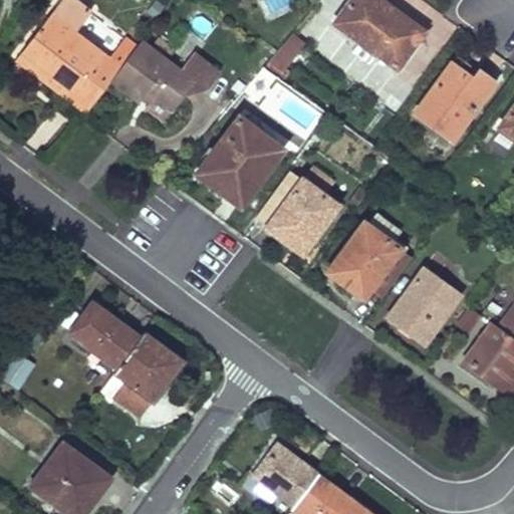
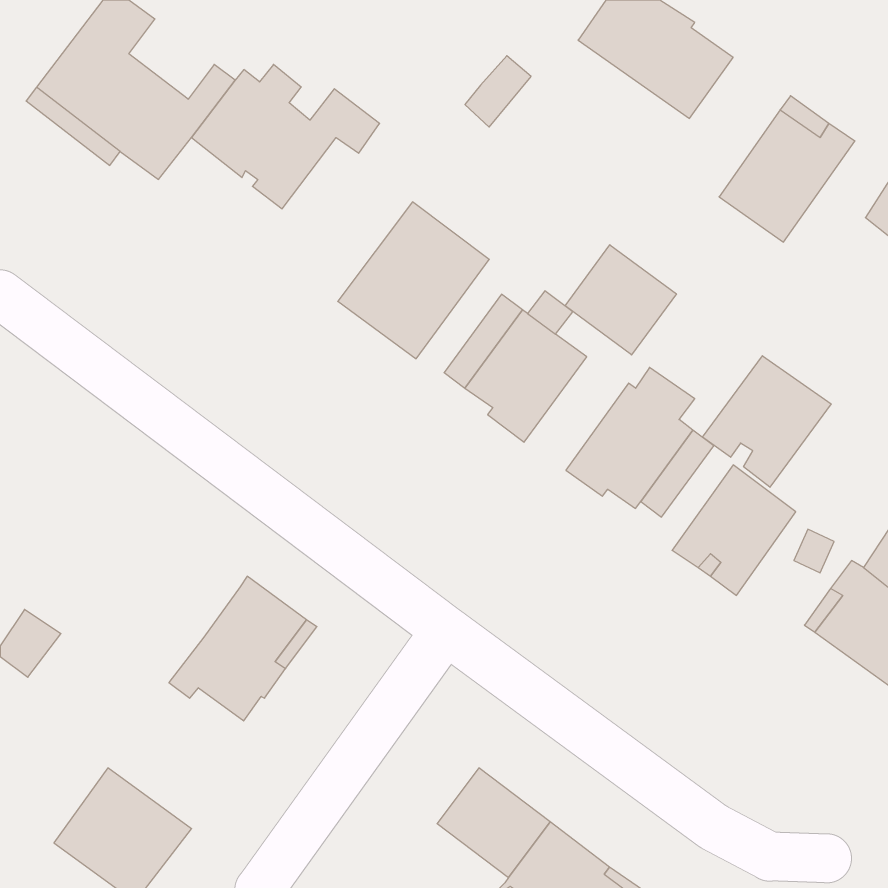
building: none -> [565,245,676,355]
building: none -> [702,356,831,487]
building: [72,306,140,368] -> none

